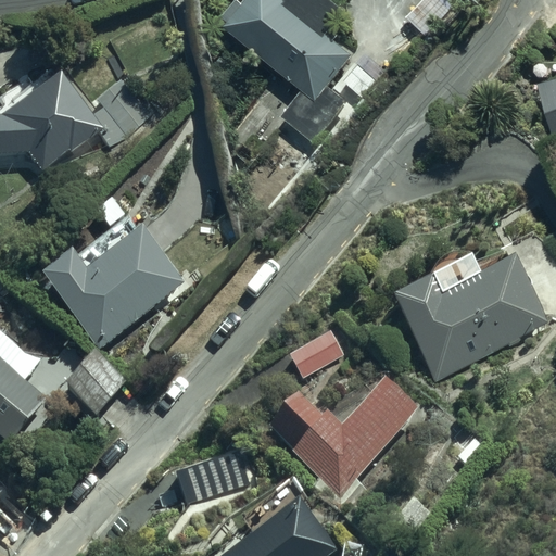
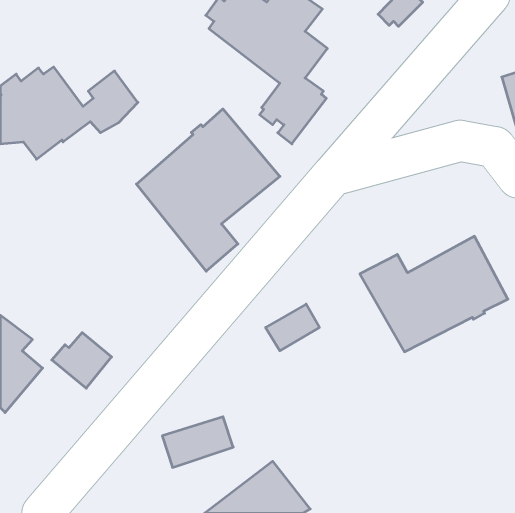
building: none -> [136,109,280,271]
building: [39,229,182,351] -> none
building: [261,376,417,492] -> none

